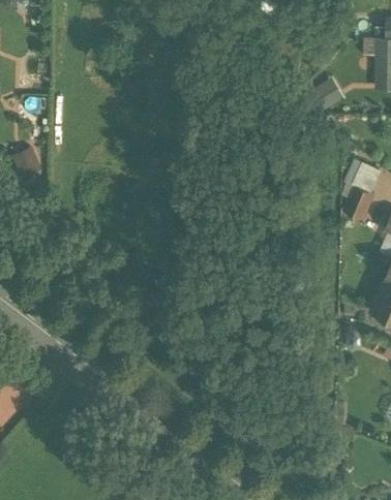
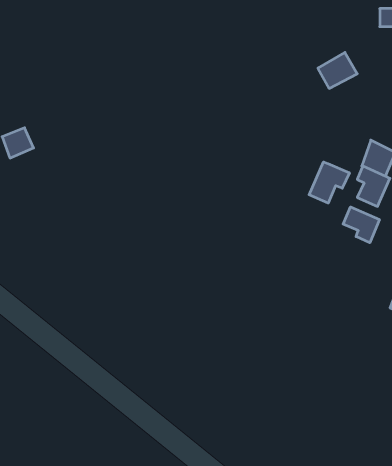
building: none -> [309,162,349,203]
building: none -> [343,207,379,243]

